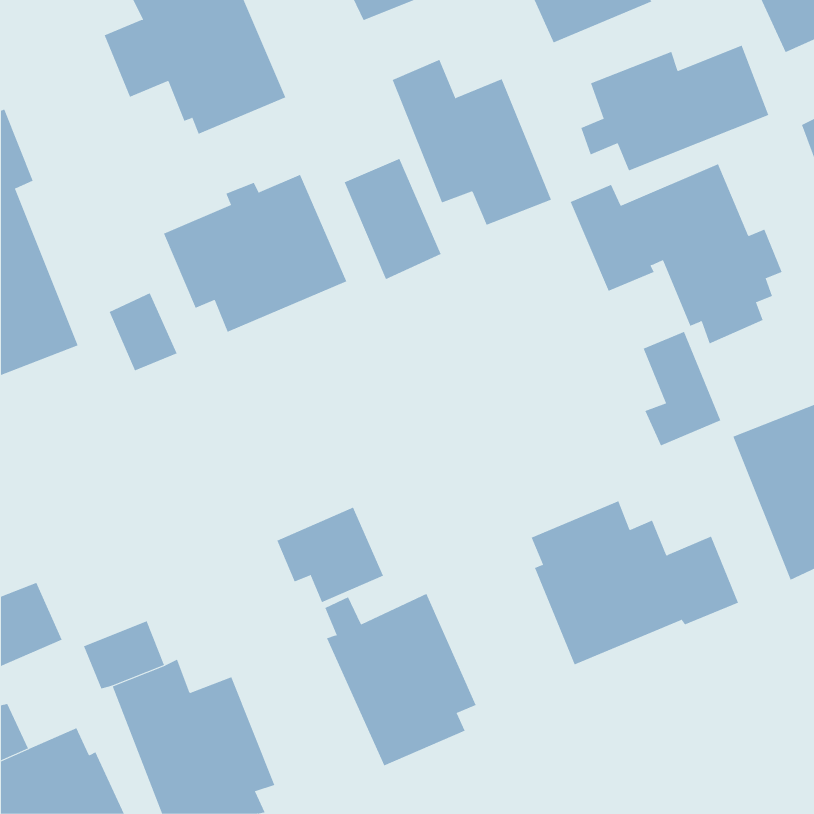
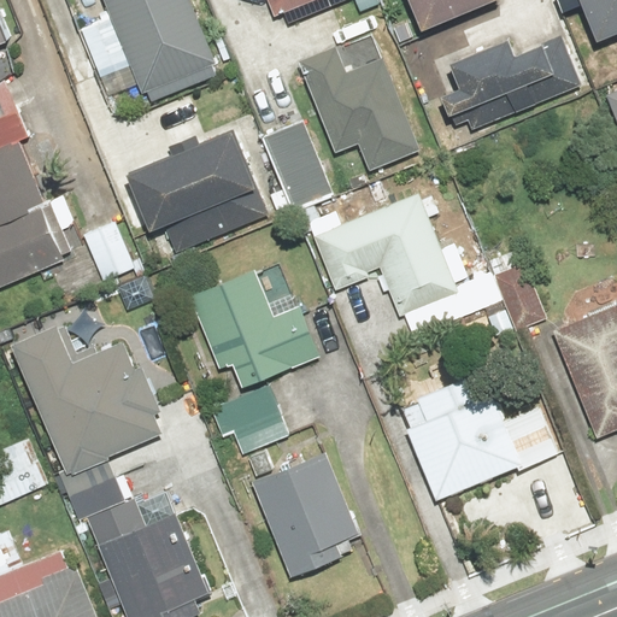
building: [570,163,783,344] -> [307,194,468,330]
building: none -> [189,269,319,389]
building: none -> [8,319,160,475]

